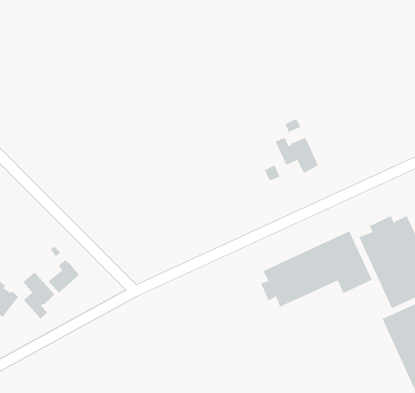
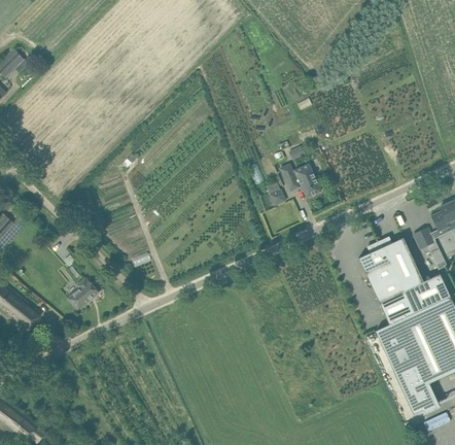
building: [260,231,373,308] -> none
building: [22,271,55,319] -> none

